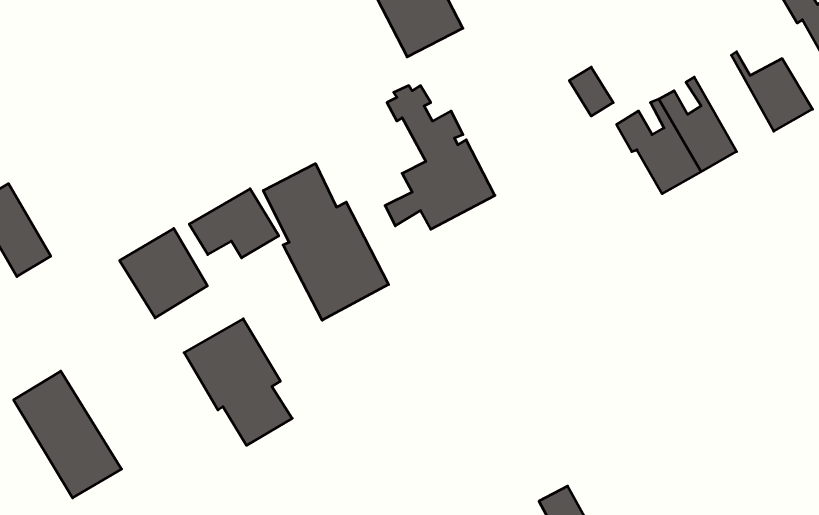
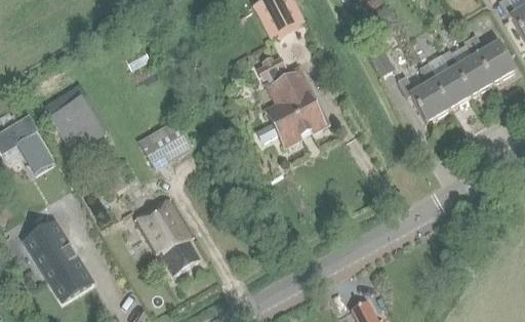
building: none -> [444,38,492,96]
building: [263,164,389,320] -> none
building: [120,228,207,318] -> [49,95,103,150]

